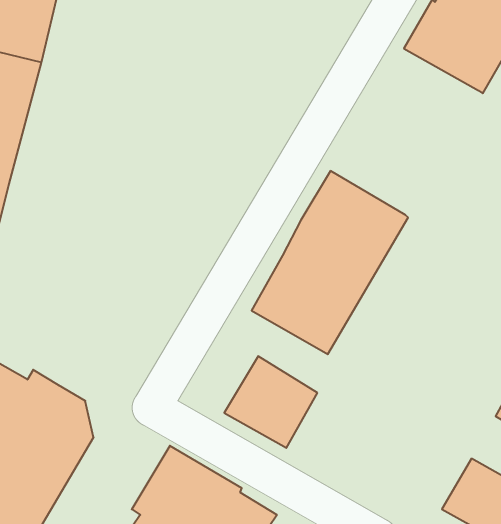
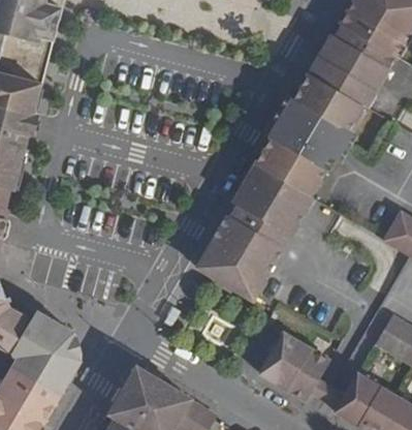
building: none -> [254,73,362,195]
building: [224,356,317,448] -> [259,333,327,400]

